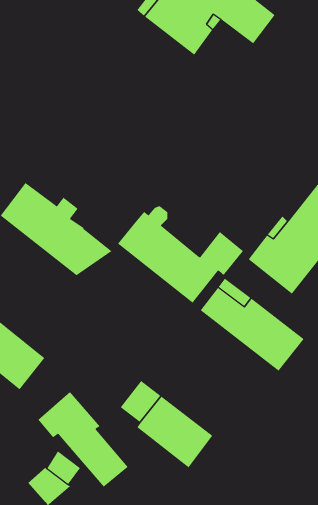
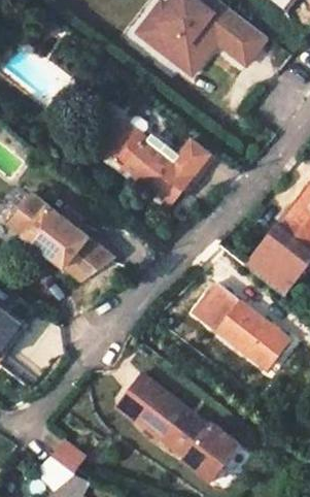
building: [117,206,244,304] -> [100,114,217,205]
building: [37,391,128,488] -> none
building: none -> [181,424,239,485]

